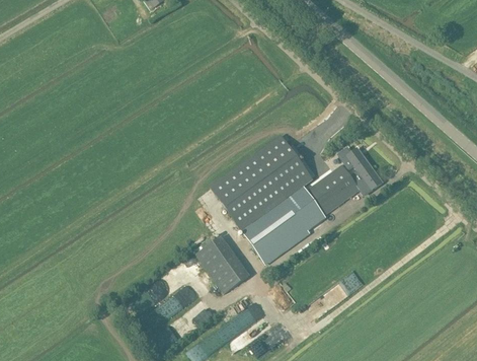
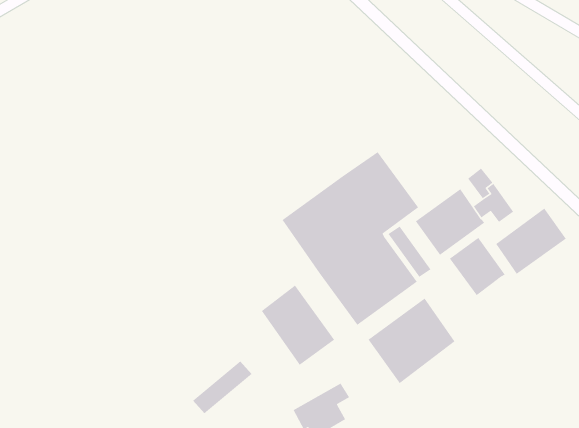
building: none -> [495,207,567,275]
building: none -> [449,237,506,296]
building: none -> [367,298,456,384]

